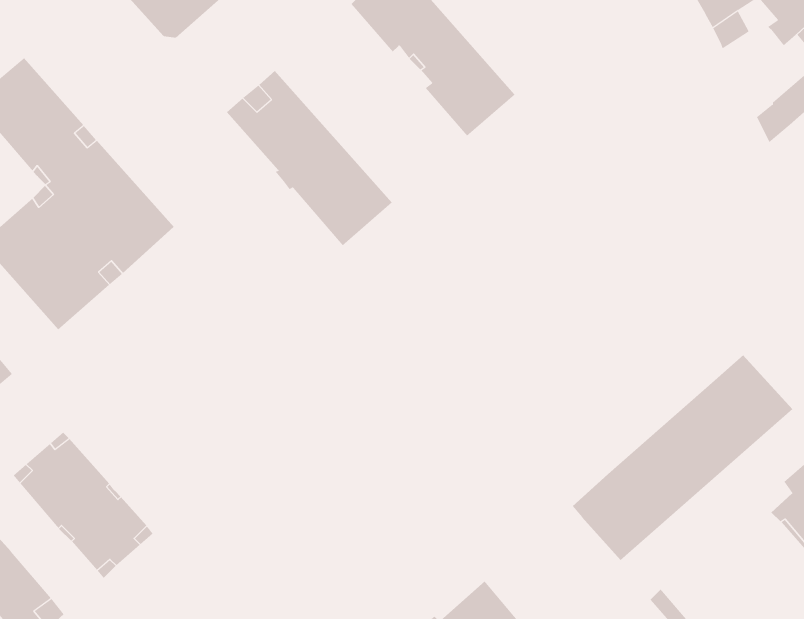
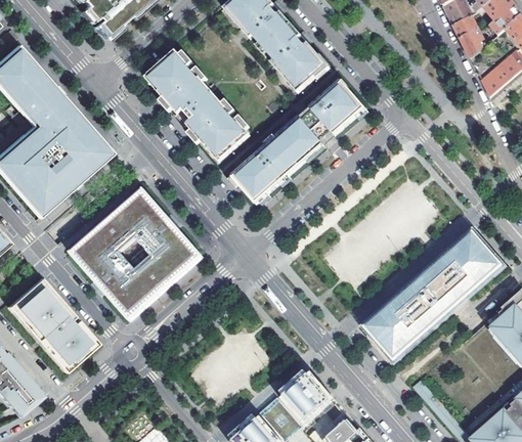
building: none -> [459,25,497,57]
building: none -> [232,81,365,204]
building: none -> [68,186,202,319]

